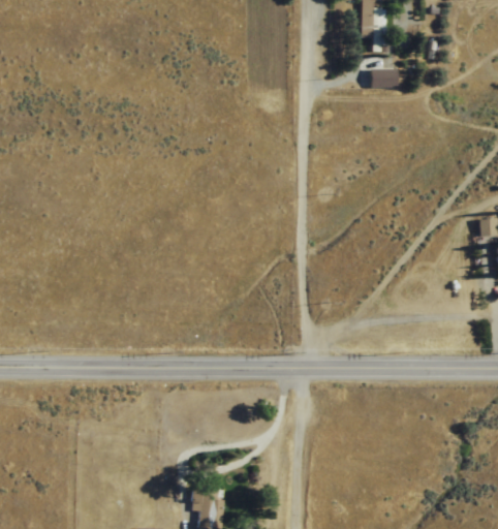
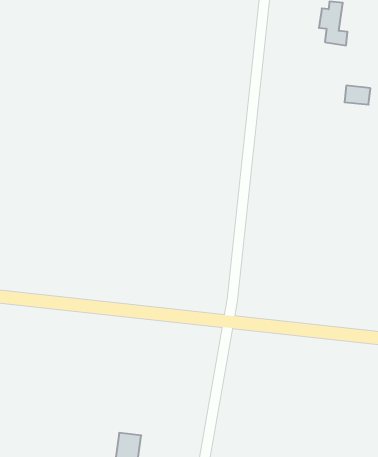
building: [368,68,394,86] -> [344,86,370,105]

